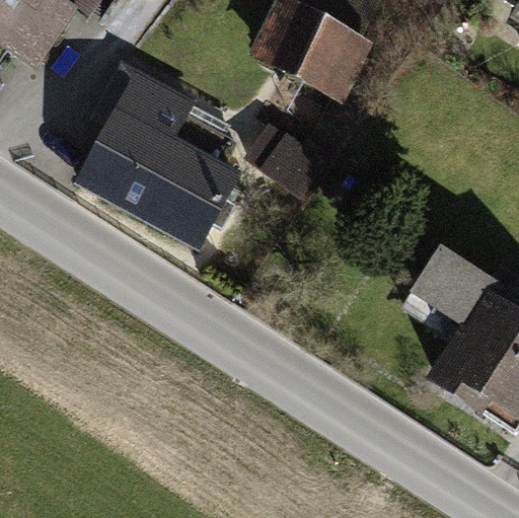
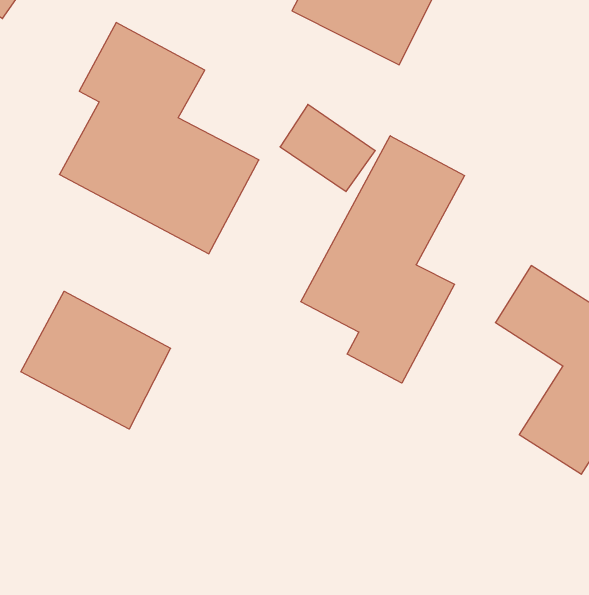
building: none -> [301,136,465,383]
building: none -> [21,291,171,429]

